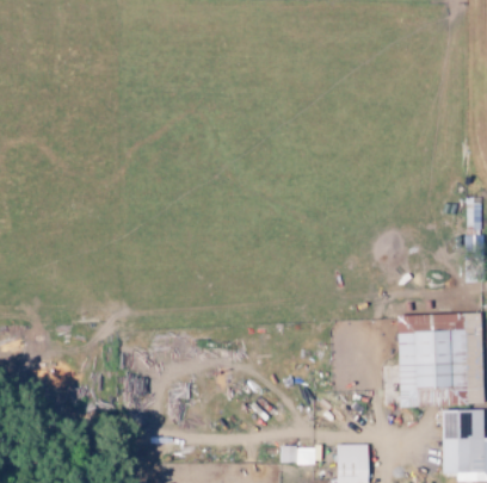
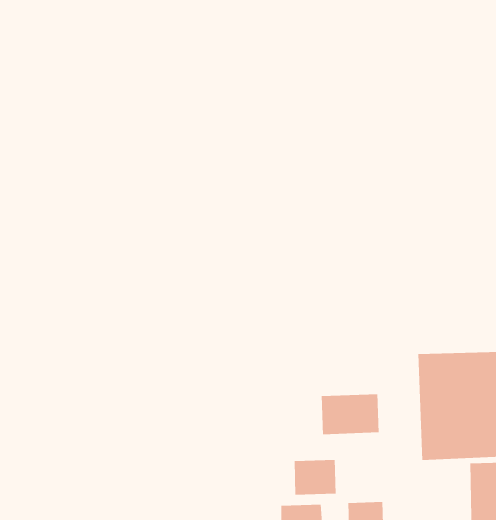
building: none -> [321,393,379,435]
building: none -> [294,459,336,495]

